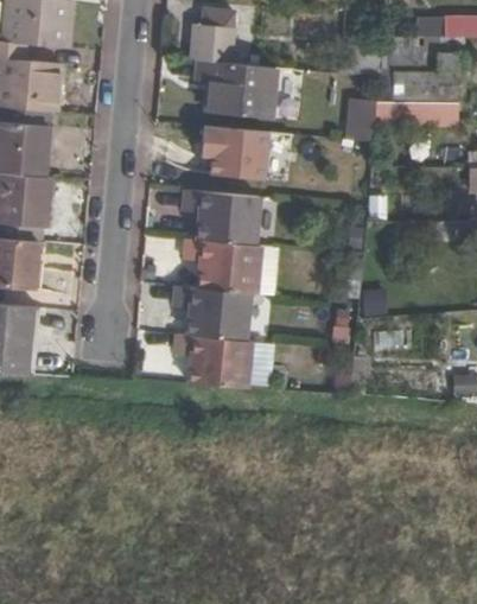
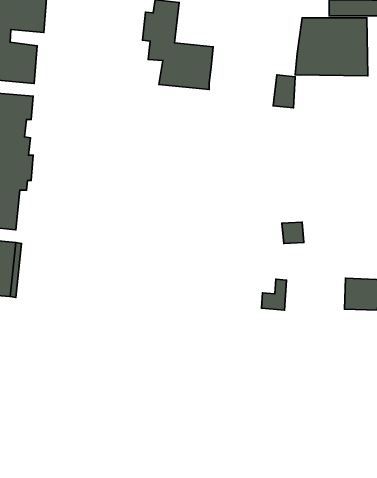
building: [199,121,267,174] -> none
building: [174,192,260,390] -> none

